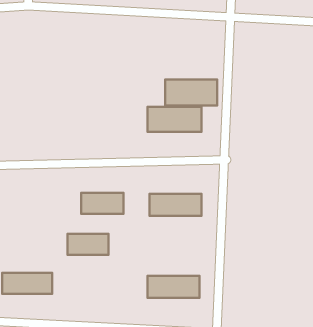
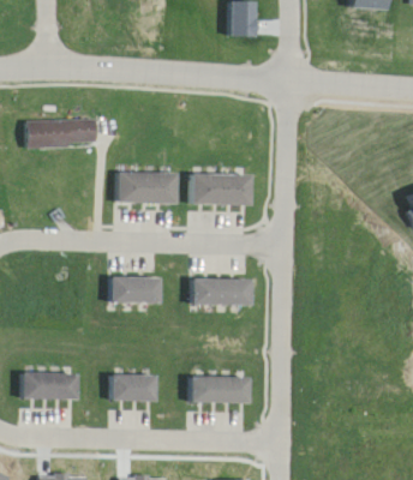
building: none -> [23,119,96,148]
building: [165,79,217,105] -> [116,173,179,204]
building: [67,234,108,255] -> [107,376,156,401]

